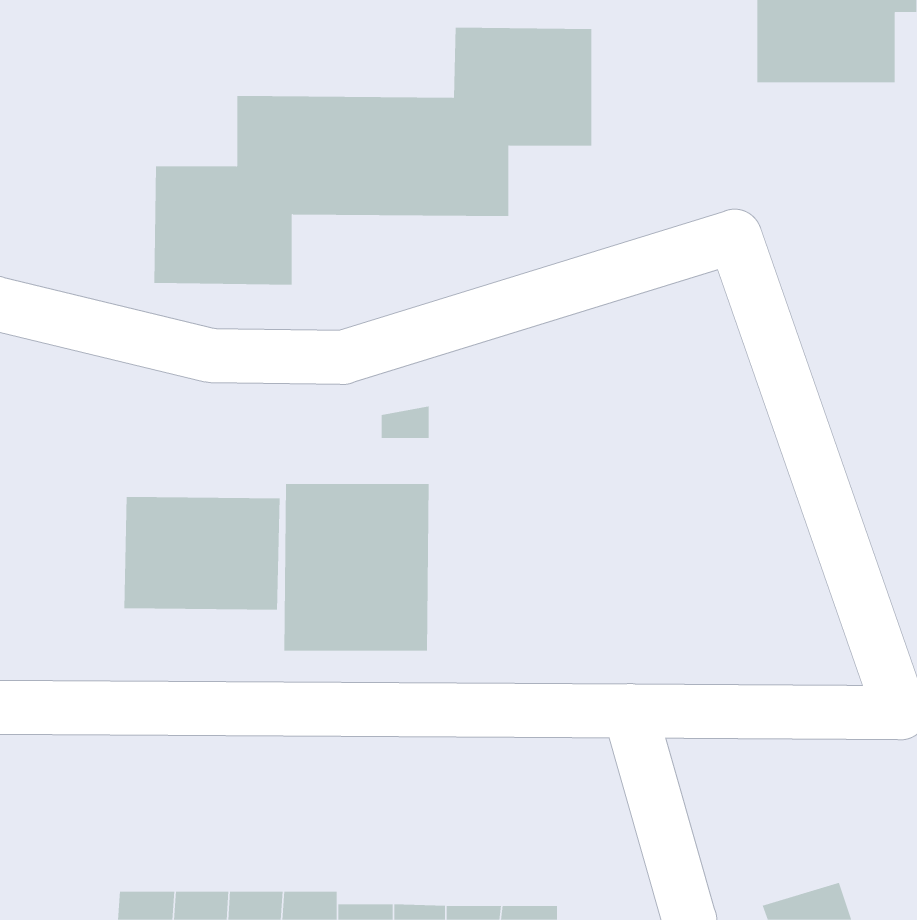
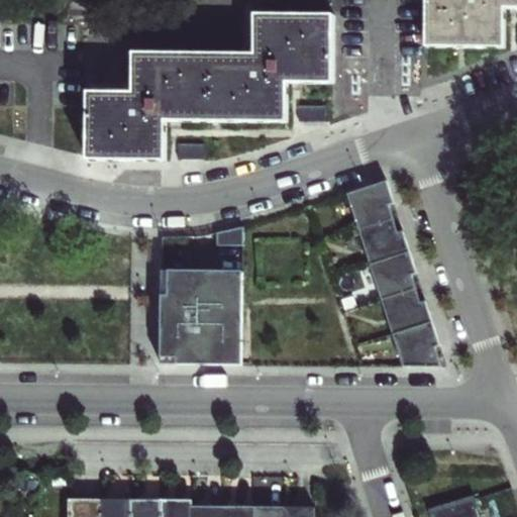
building: none -> [345,181,439,367]
building: [124,496,280,610] -> none

